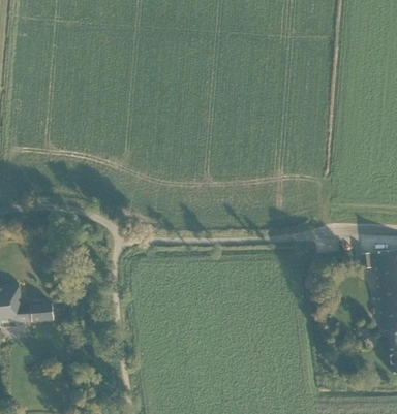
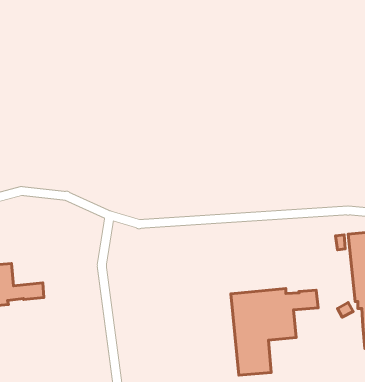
building: none -> [231,289,318,375]

